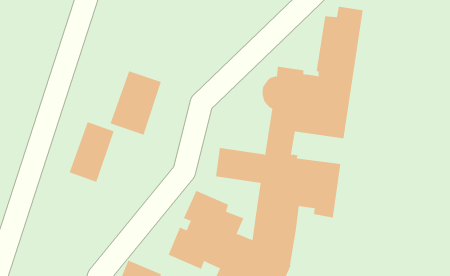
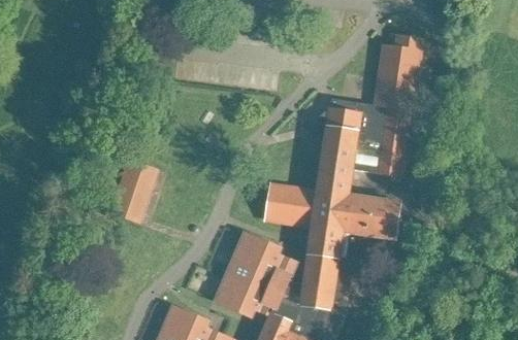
building: [110,70,162,135] -> none

